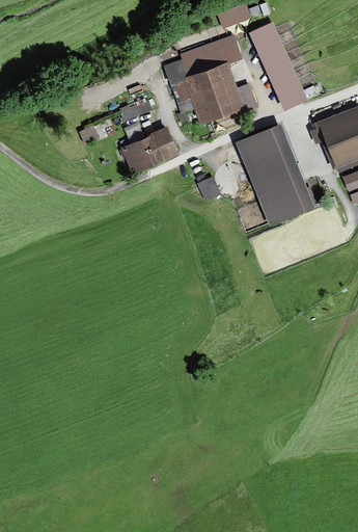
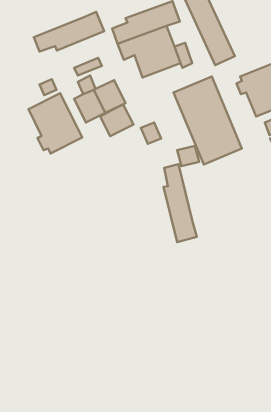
building: none -> [34,12,104,52]
building: none -> [28,93,82,153]
building: none -> [100,104,134,136]
building: none -> [163,164,197,242]

